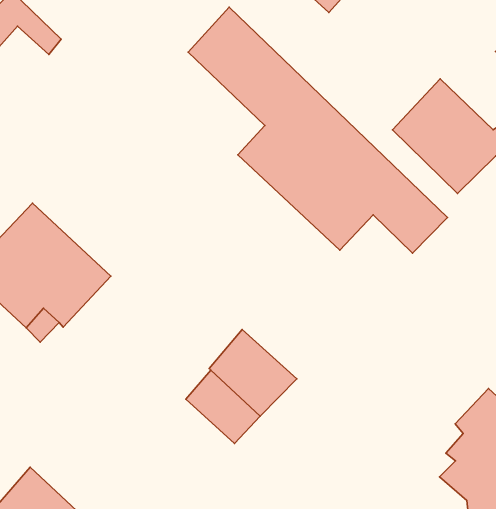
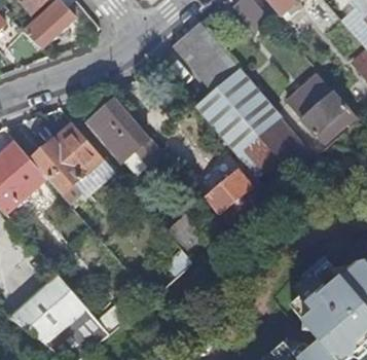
building: none -> [88,98,155,159]
building: none -> [206,169,254,224]

